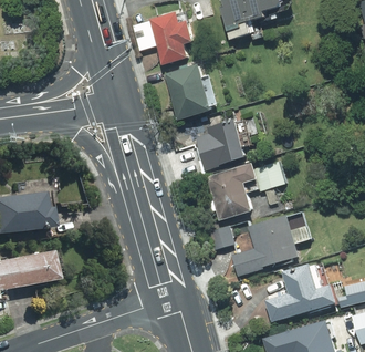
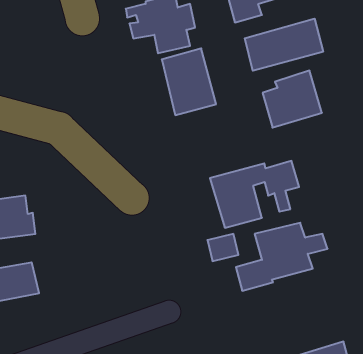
building: none -> [245,19,323,71]
building: [194,118,247,169] -> [263,71,322,128]
building: [261,261,336,323] -> none

